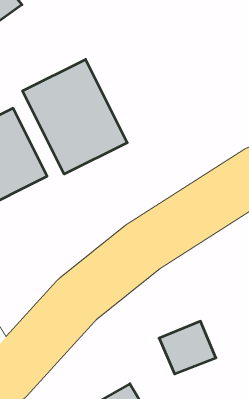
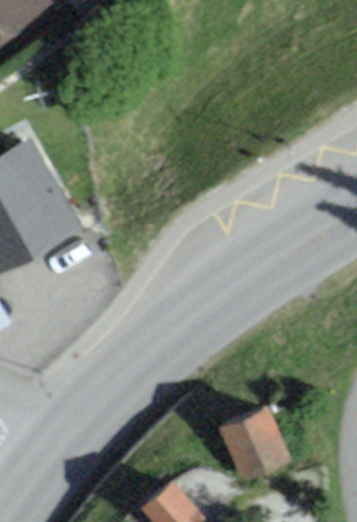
building: [23,59,127,174] -> none

